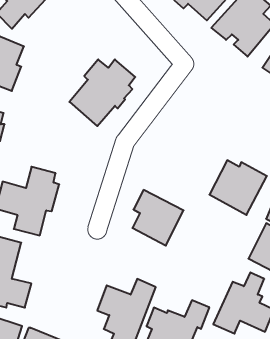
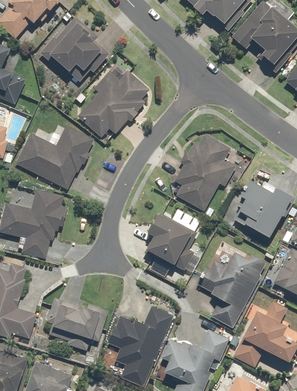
building: none -> [39,15,105,81]
building: none -> [16,125,93,189]
building: none -> [173,131,236,213]
building: none -> [195,250,265,328]
building: none -> [46,300,108,350]

